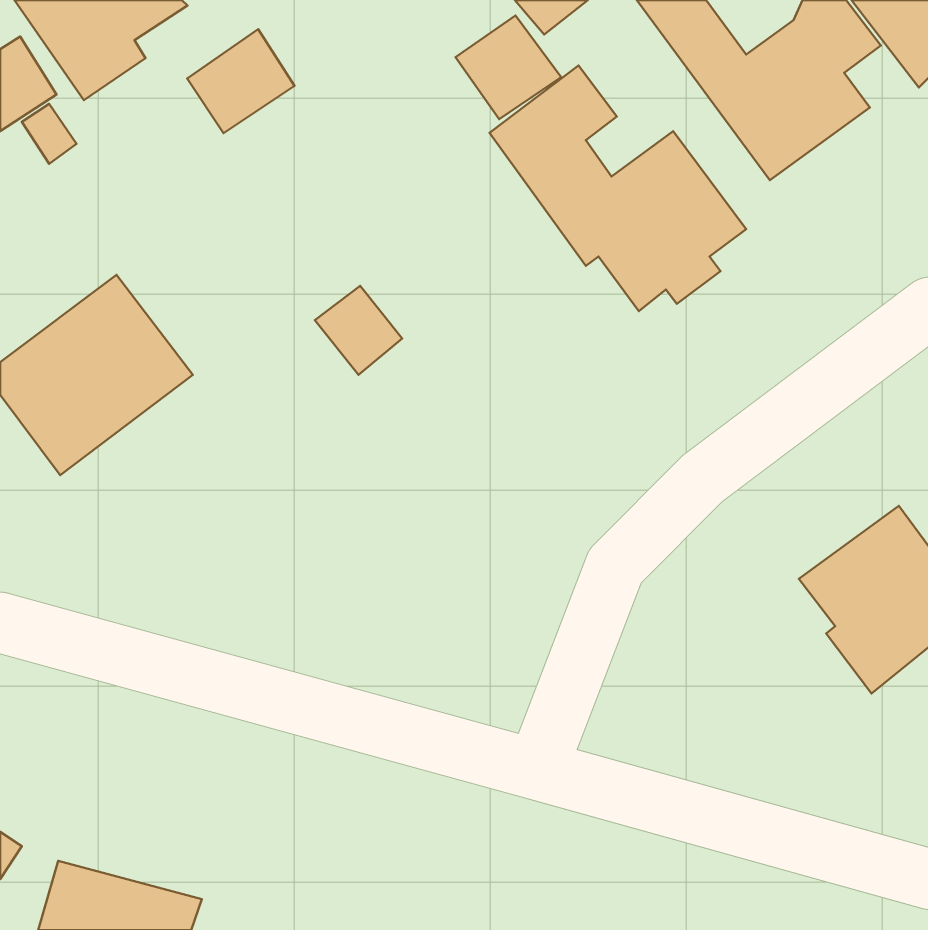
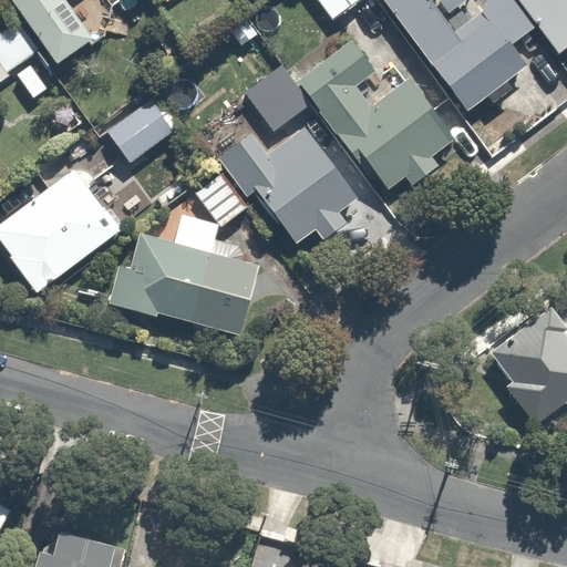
building: [456,15,561,119] -> [247,66,311,130]
building: [187,29,295,133] -> [106,101,172,164]
building: none -> [221,127,354,246]
building: none -> [105,225,244,333]

